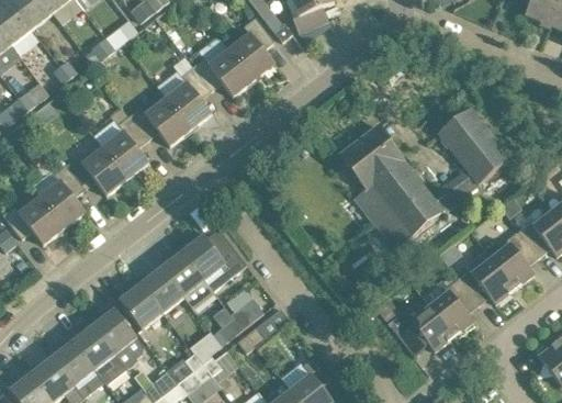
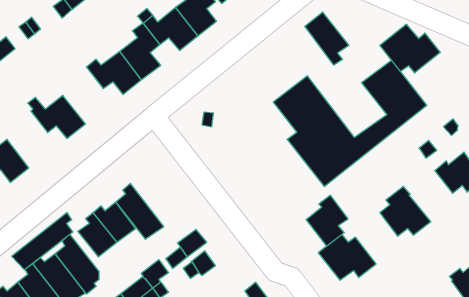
building: none -> [305,12,349,65]
building: none -> [380,24,440,73]
building: [102,108,148,179] -> none
building: [40,165,86,228] -> none
building: [178,228,246,294] -> none
building: [484,232,539,289] -> none
building: none -> [12,213,73,270]
building: [430,279,477,336] -> [306,195,348,246]

